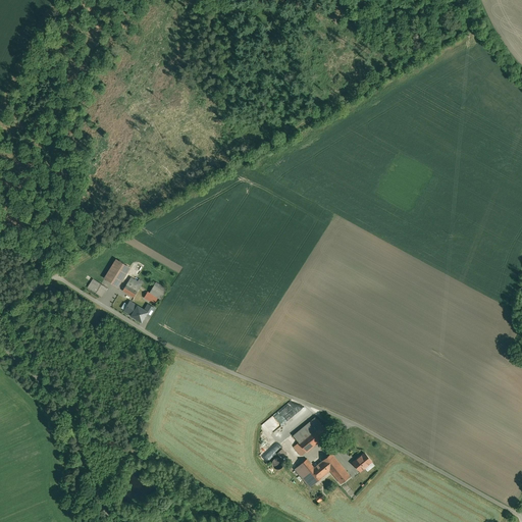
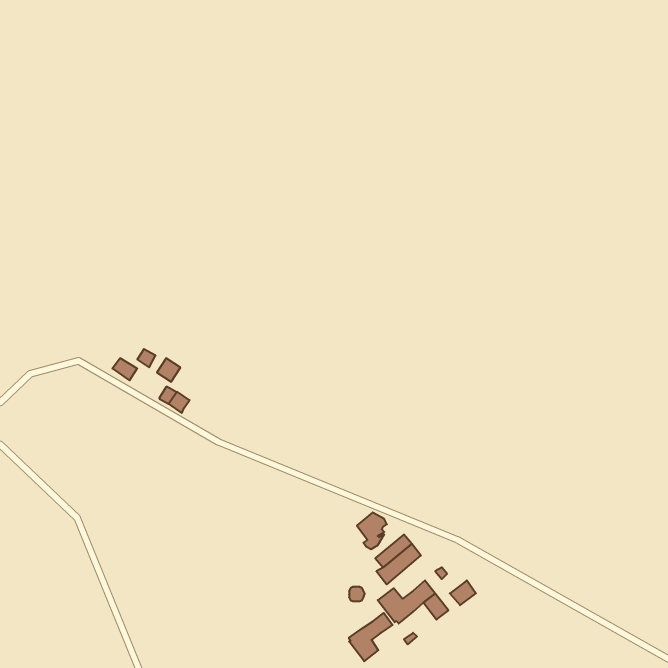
building: none -> [349,613,393,661]

